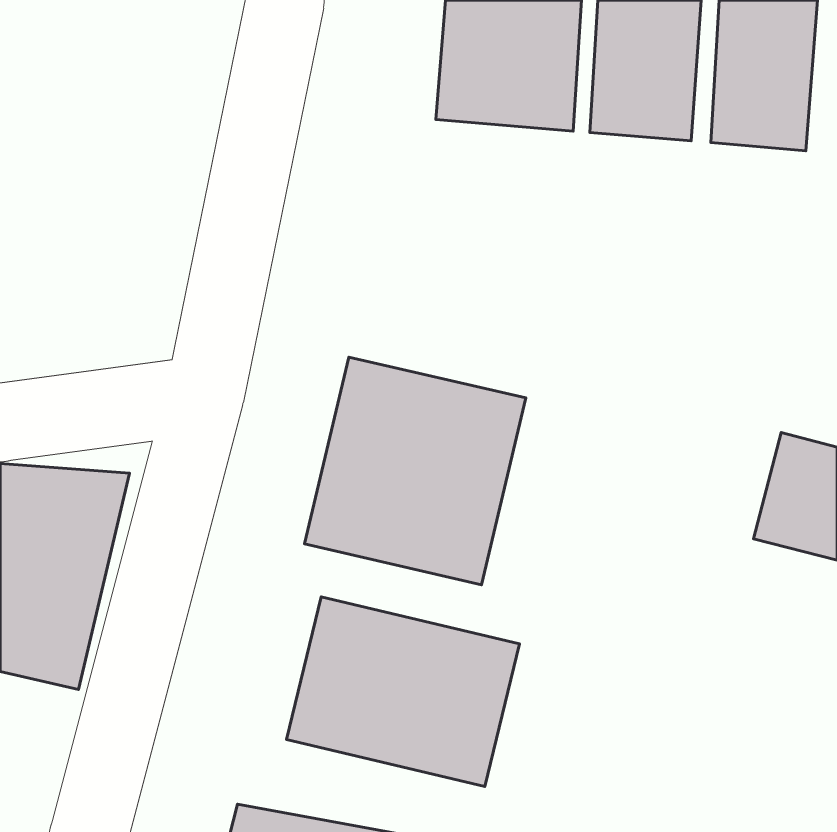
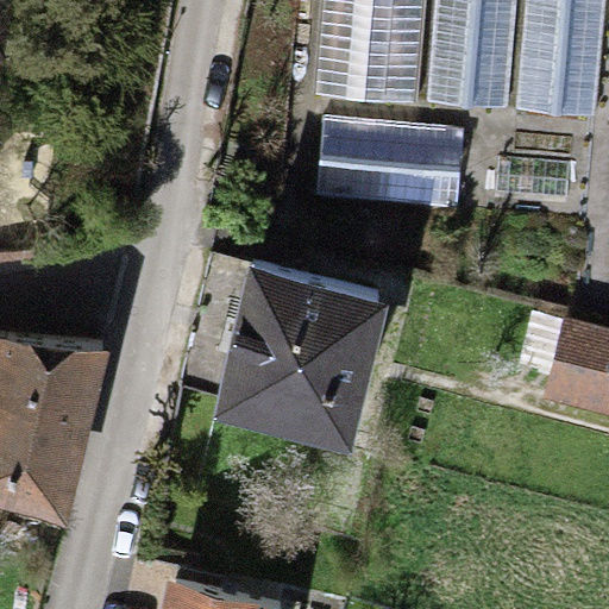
building: none -> [316,119,463,206]
building: [286,597,520,787] -> none

